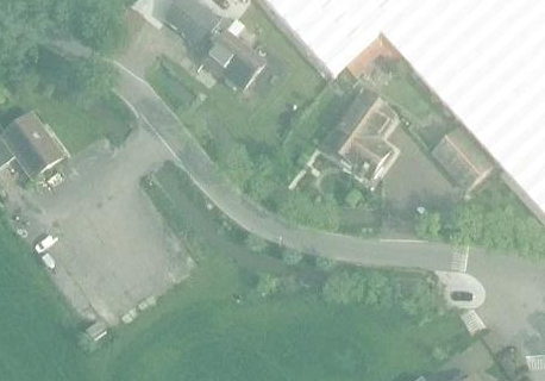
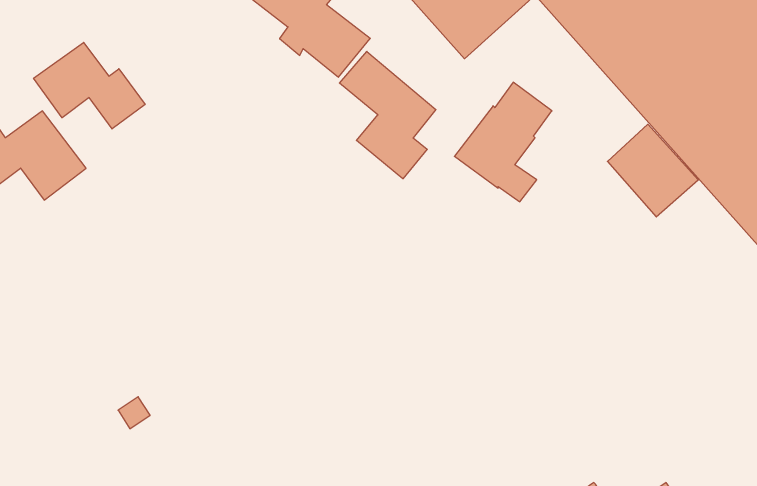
building: none -> [34,42,145,129]
building: none -> [339,51,436,179]

